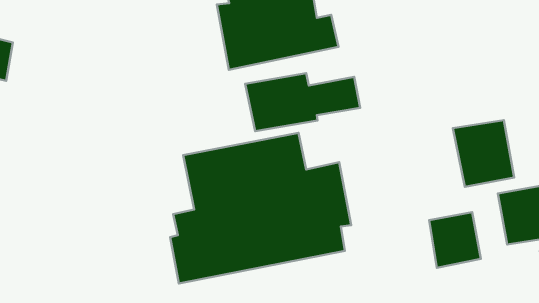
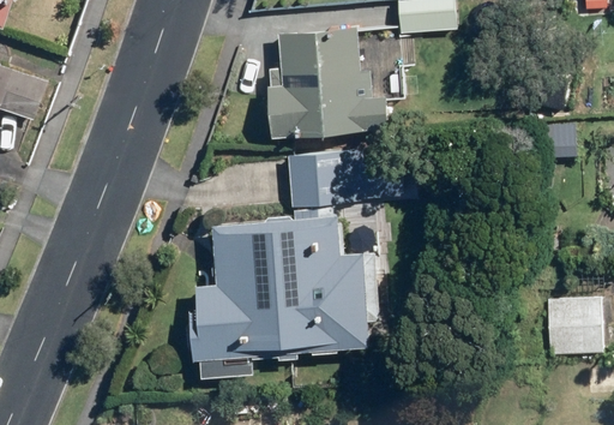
building: [453,120,514,187] -> none
building: [429,212,481,268] -> none

